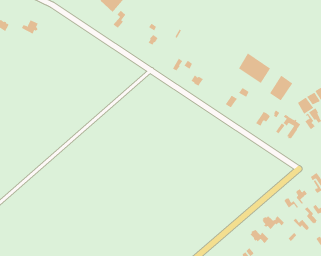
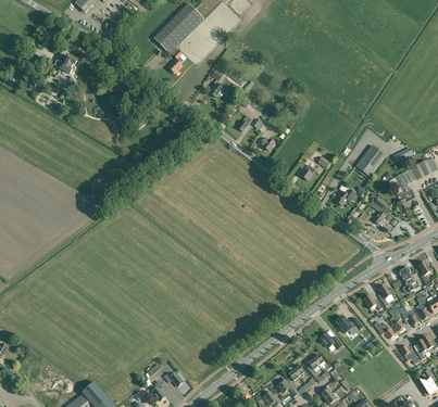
building: [238,53,271,84] -> none

